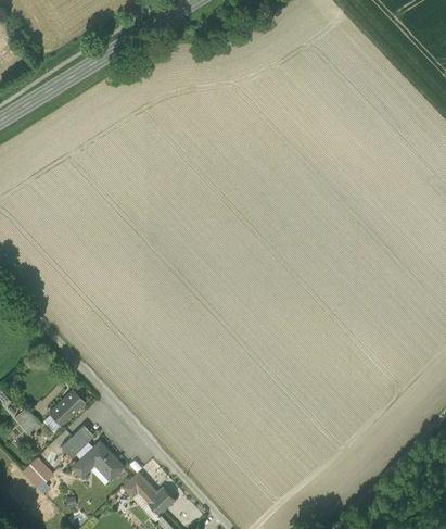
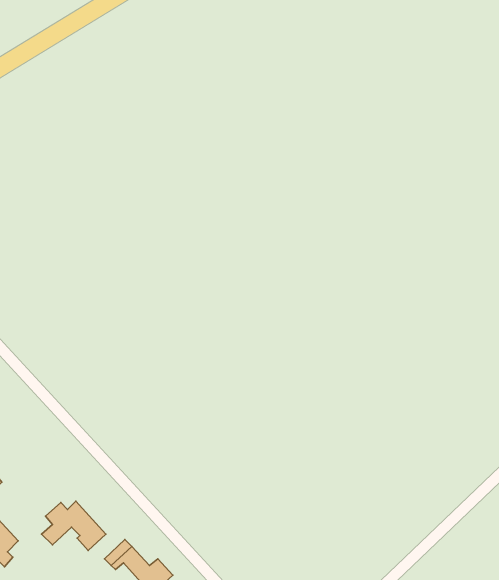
building: [49,390,84,426] -> none
building: [60,425,92,457] -> none

